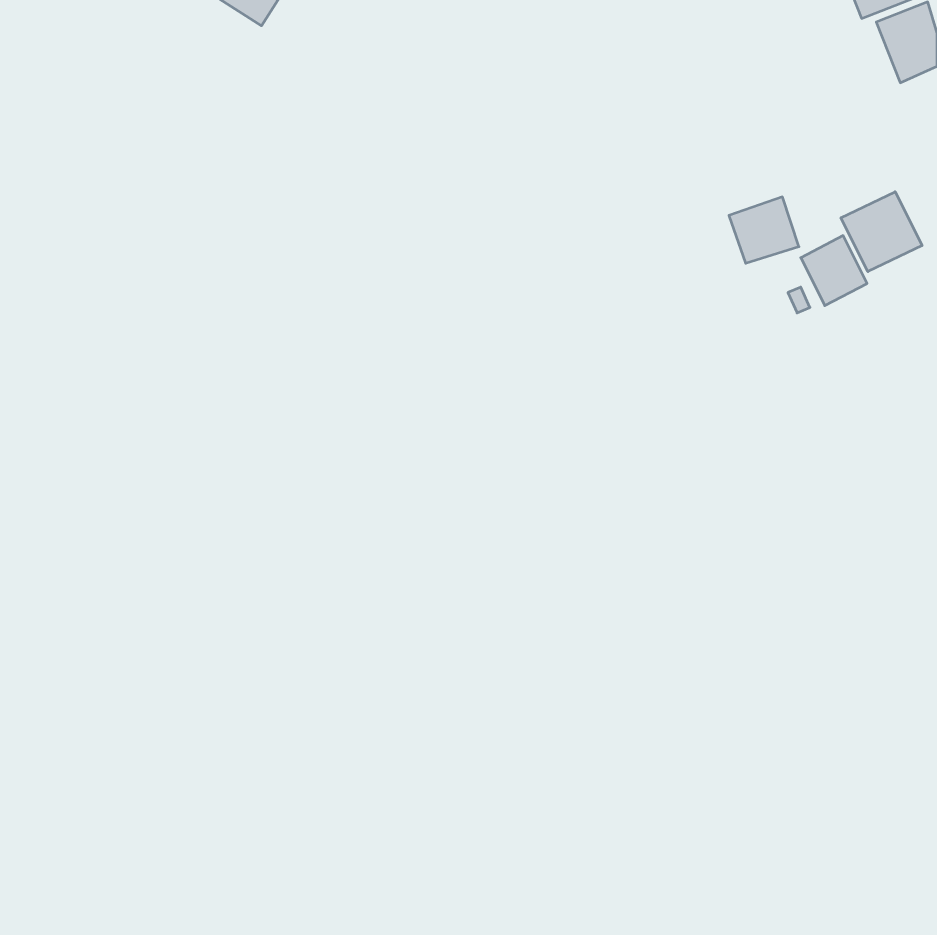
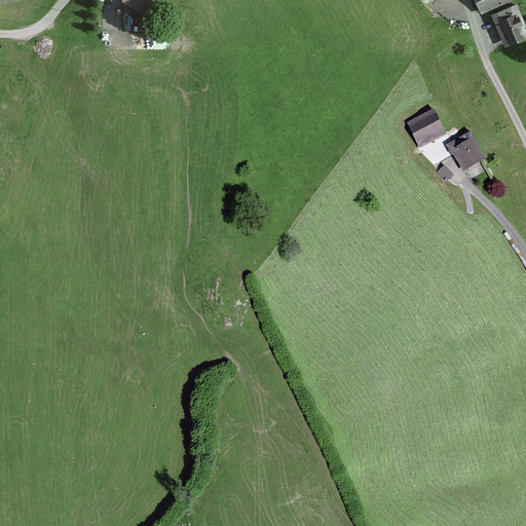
building: [841,192,922,272] -> none

